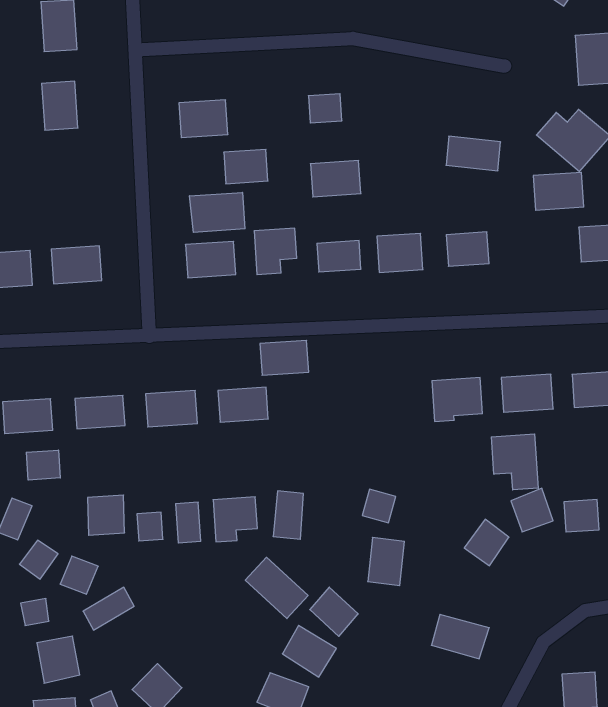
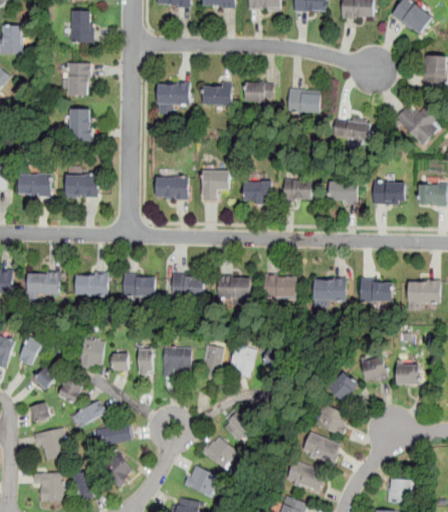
building: none -> [69,108,91,141]
building: [224,149,268,184] -> [203,84,231,105]
building: [310,161,361,197] -> [288,89,320,111]
building: [533,172,584,210] -> [373,182,405,205]
building: [190,192,245,232] -> none
building: [260,340,309,375] -> [218,277,249,298]
building: none -> [263,276,295,297]
building: [491,434,538,490] -> none
building: [26,450,60,480] -> none
building: [368,537,404,586] -> [229,343,255,376]
building: [245,557,308,619] -> none
building: none -> [315,406,350,437]
building: none -> [94,427,131,444]
building: none -> [287,463,324,492]

